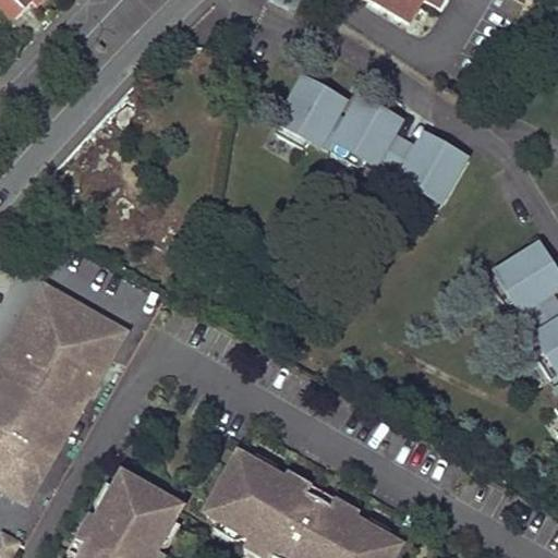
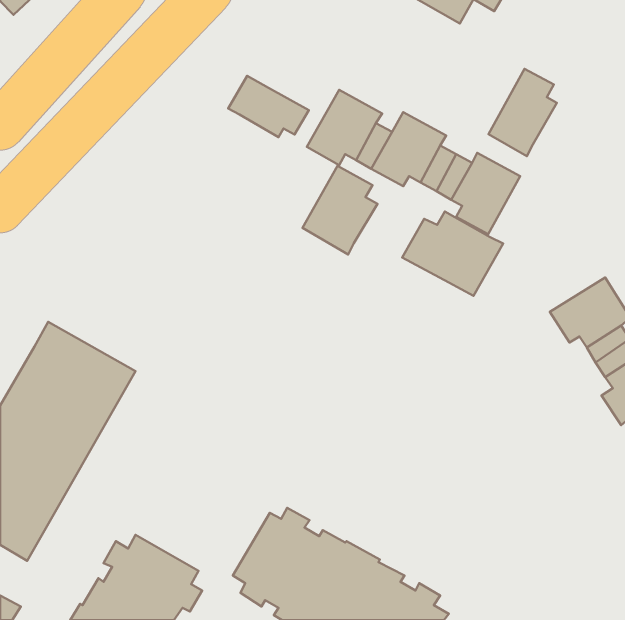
building: none -> [489,69,557,156]
building: none -> [228,76,309,137]
building: none -> [303,166,378,255]
building: none -> [402,211,503,296]

